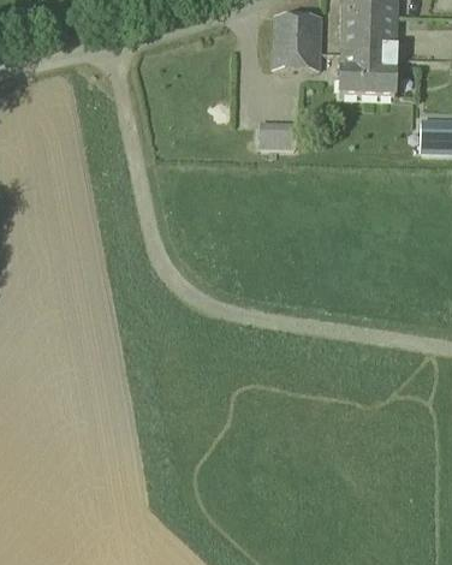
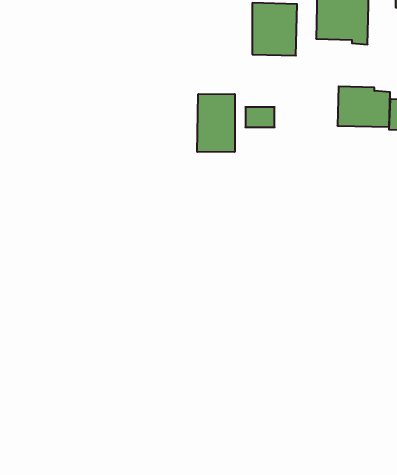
building: [340,50,397,94] -> [337,86,390,127]
building: none -> [197,94,235,152]

